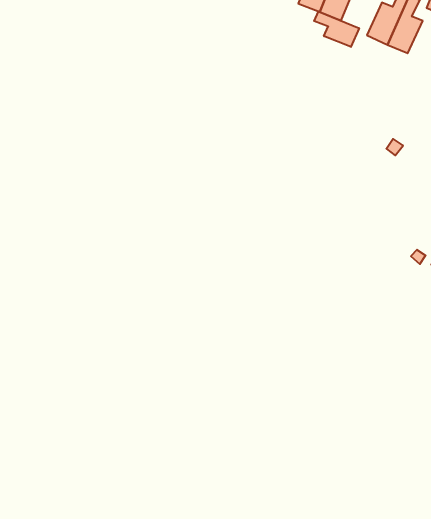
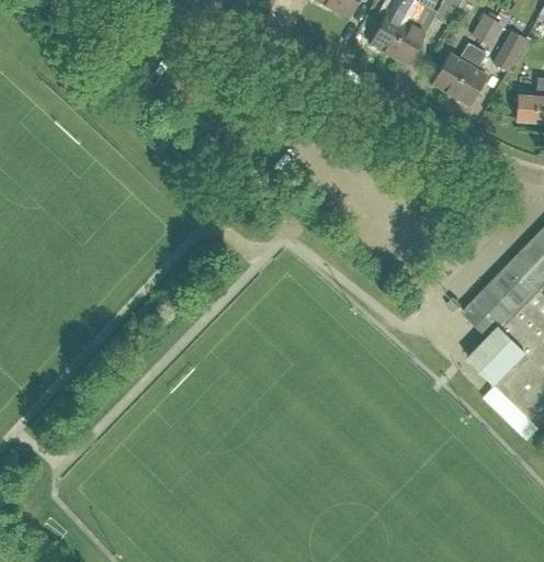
building: [314,11,359,47] -> none

